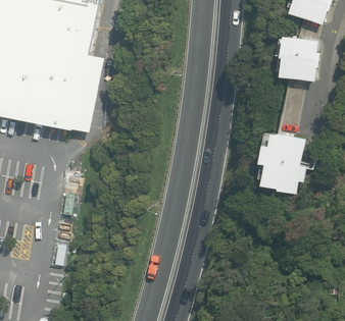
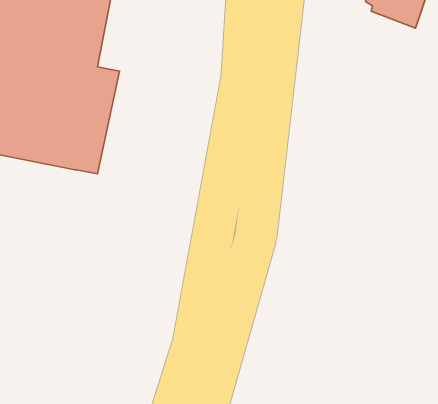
building: [275,35,317,79] -> none
building: [258,130,306,194] -> none

